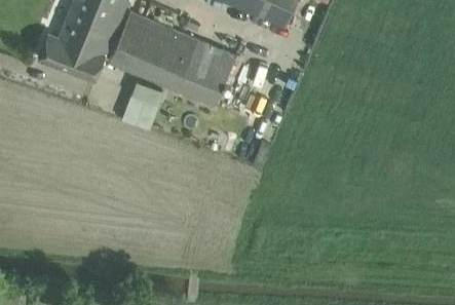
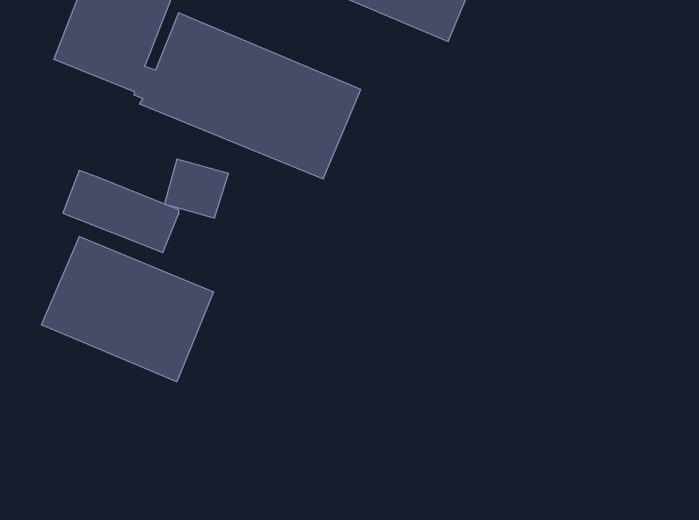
building: [37,32,104,79] -> [63,170,179,253]
building: none -> [41,236,214,382]

